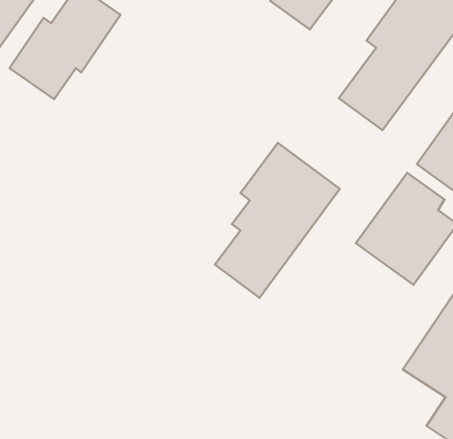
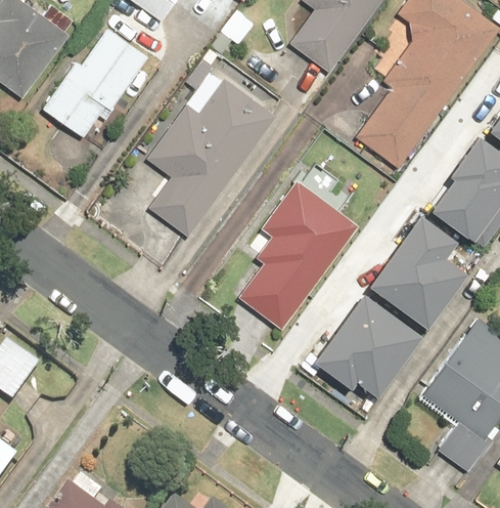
building: none -> [147,79,277,239]
building: none -> [316,288,420,386]

